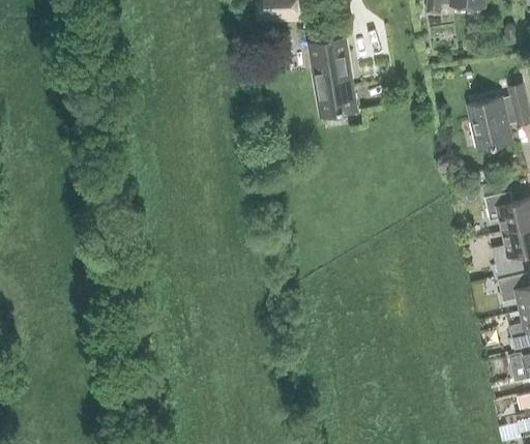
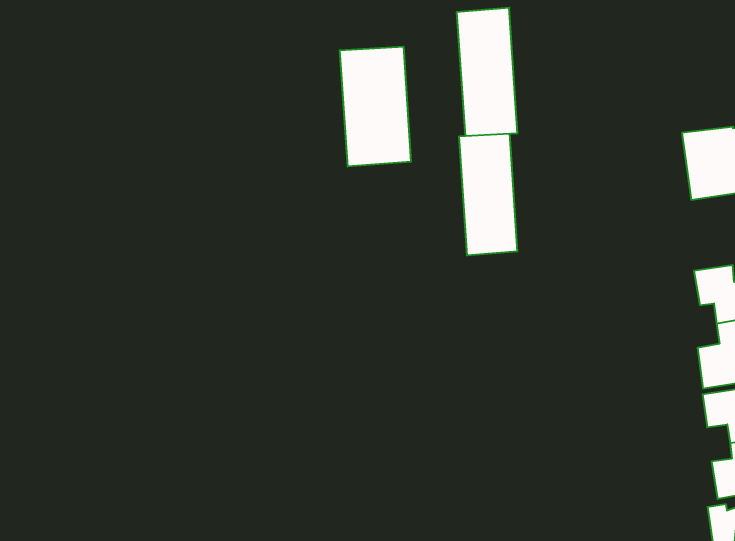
building: none -> [340,47,411,167]
building: none -> [459,134,517,256]

